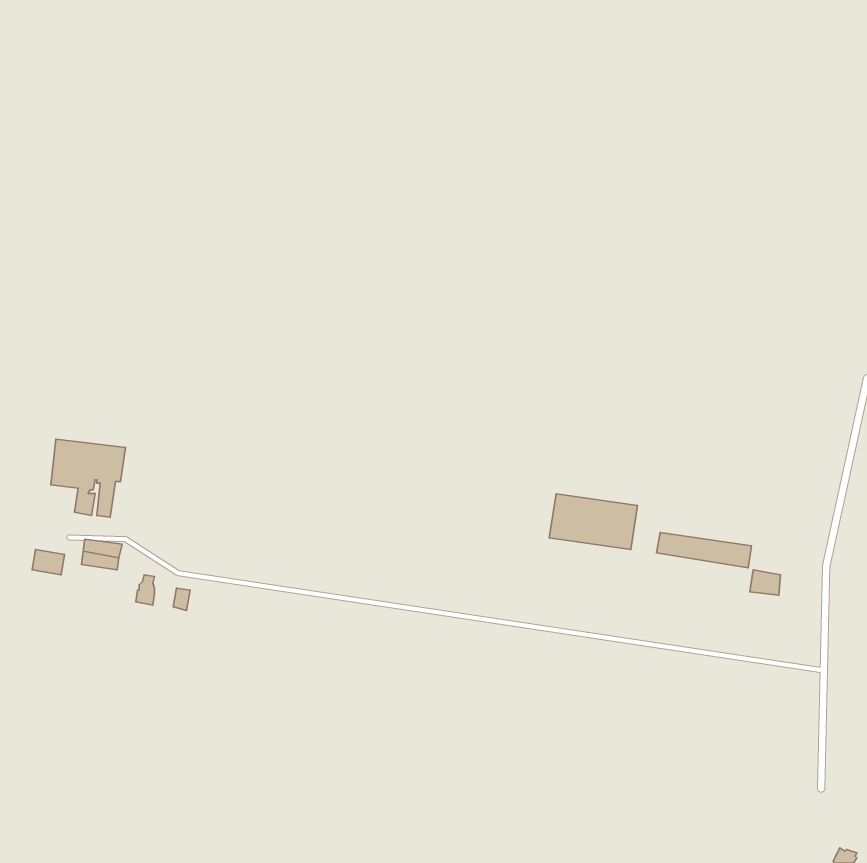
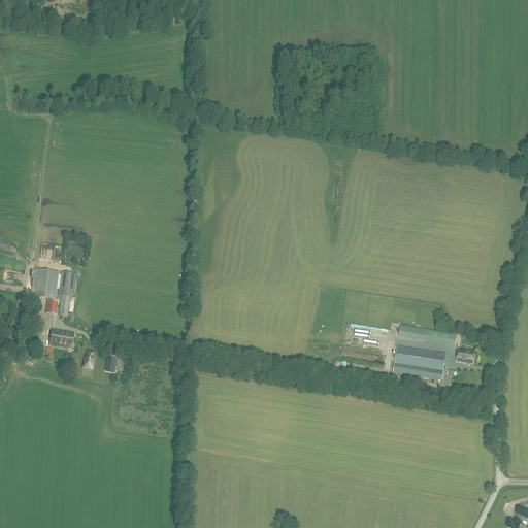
building: [549,494,638,550] -> [393,344,447,378]

